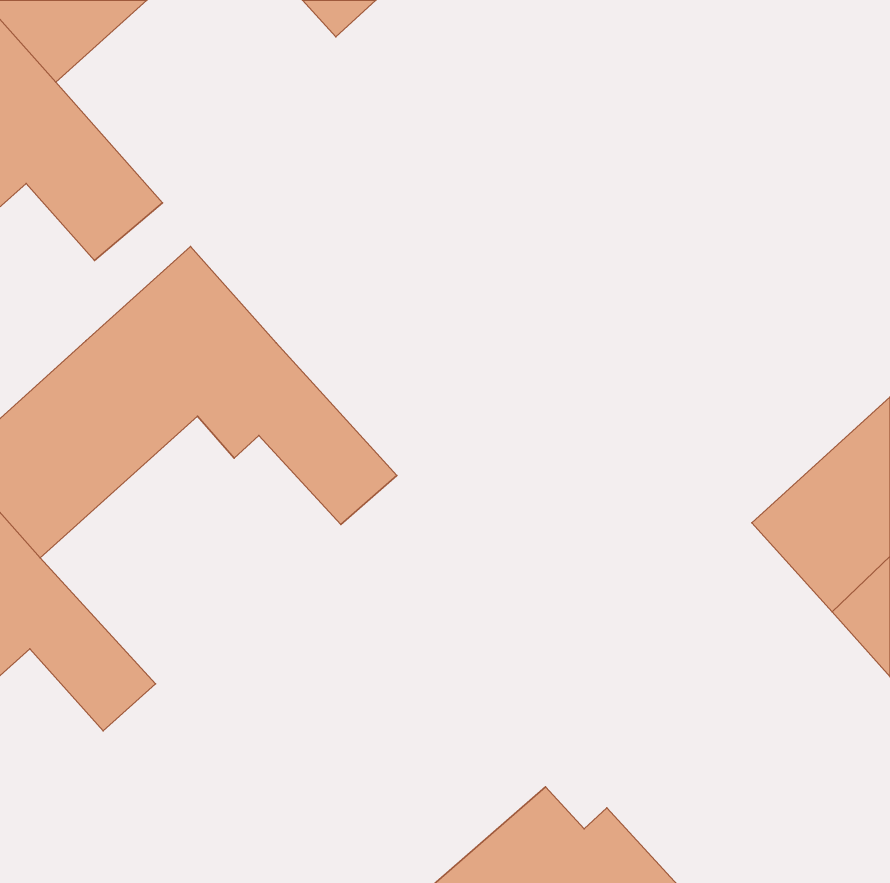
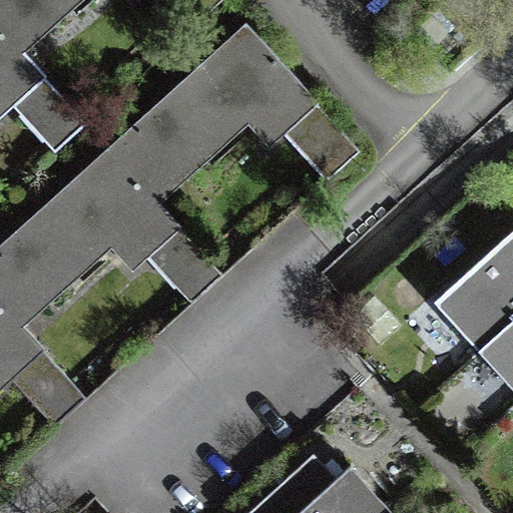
building: none -> [109,22,360,202]

